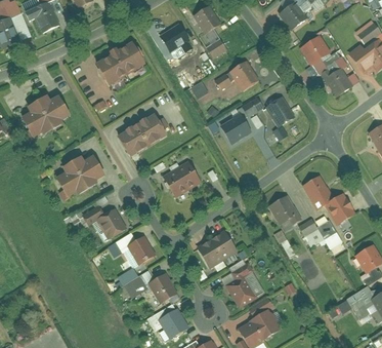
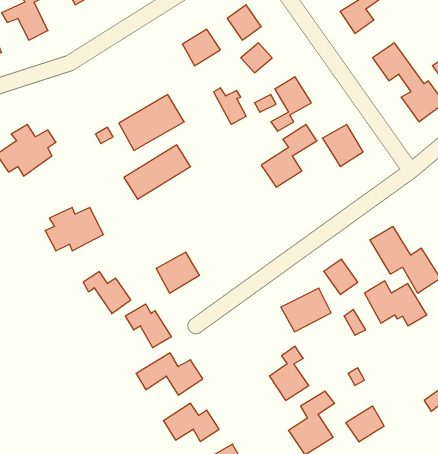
building: [93,43,142,85] -> [119,95,184,150]
building: [165,163,198,194] -> [156,252,199,293]
building: [196,231,234,264] -> [281,288,331,332]
building: none -> [346,406,384,442]

